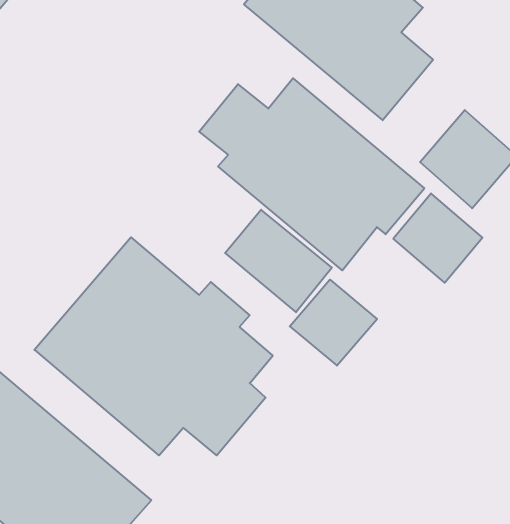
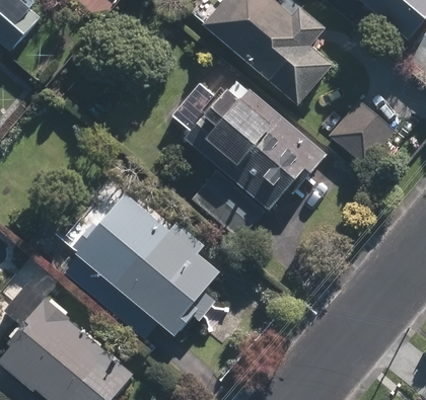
building: [393,193,482,283] -> none
building: [290,280,377,366] -> none

